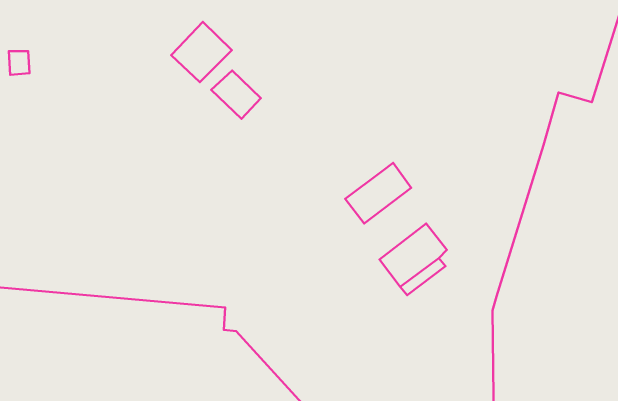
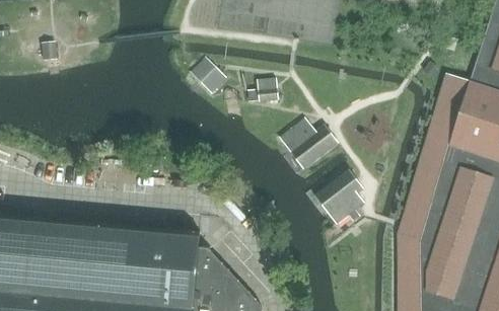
building: [171,22,232,82] -> none
building: none -> [249,79,279,104]
building: none -> [278,119,316,153]

